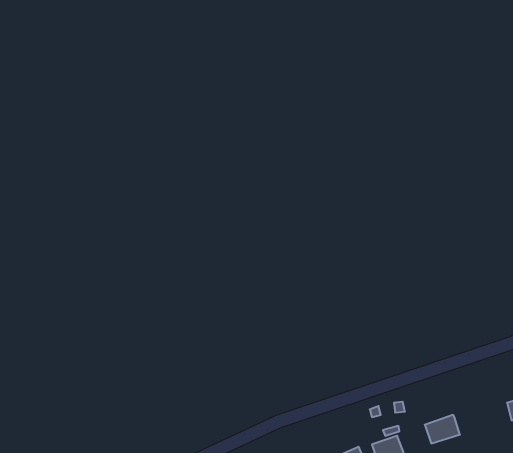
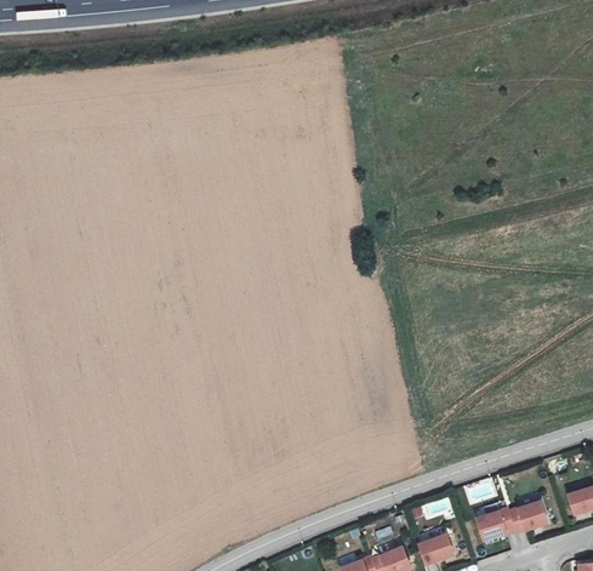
building: none -> [508,502,546,533]

